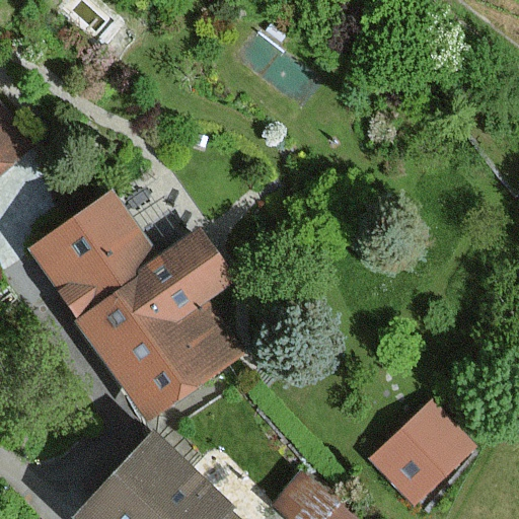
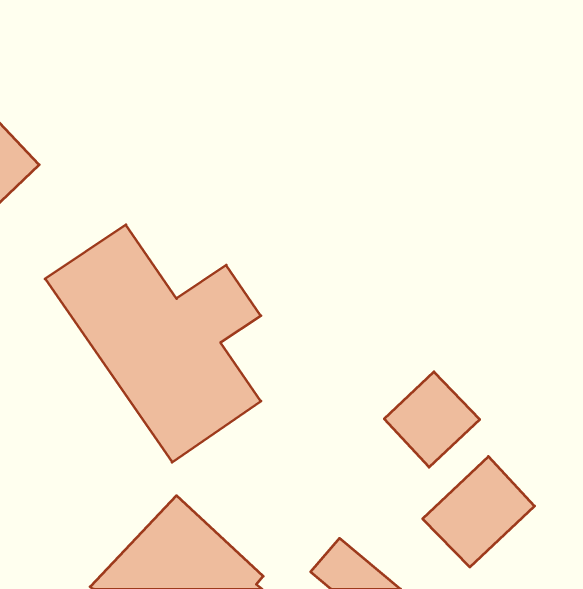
building: none -> [384,372,480,467]

